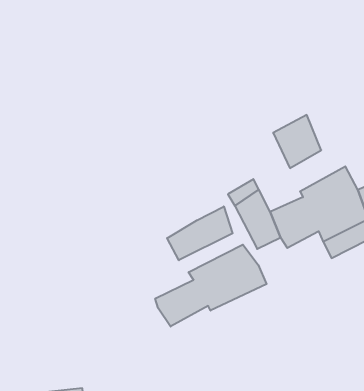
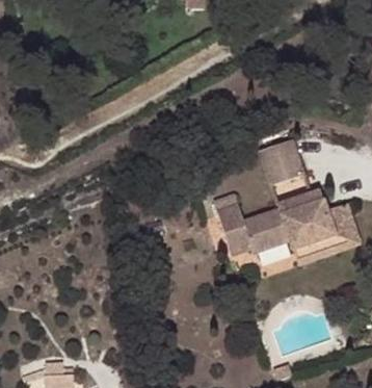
building: [167,206,233,260] -> none
building: [155,245,267,327] -> none

